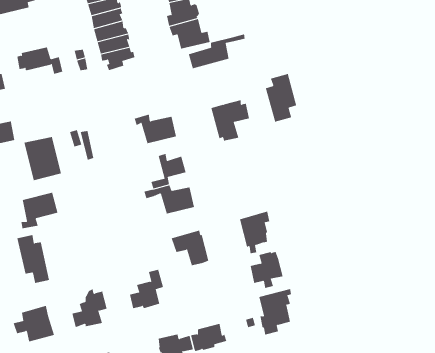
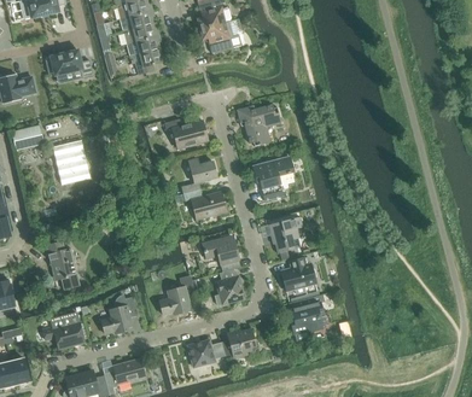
building: [188,33,245,69] -> none
building: [265,73,297,122] -> none
building: none -> [251,156,292,200]
building: [21,192,58,229] -> none
building: none -> [214,269,243,305]

